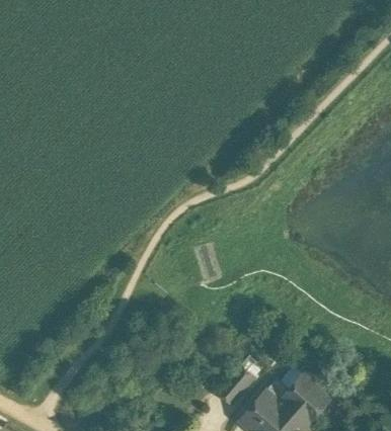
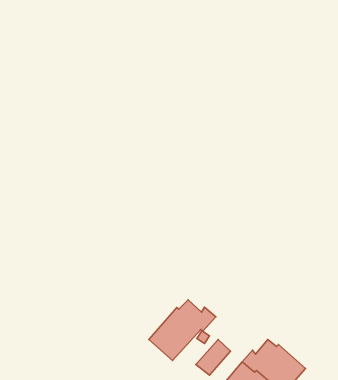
building: none -> [149,300,216,361]

